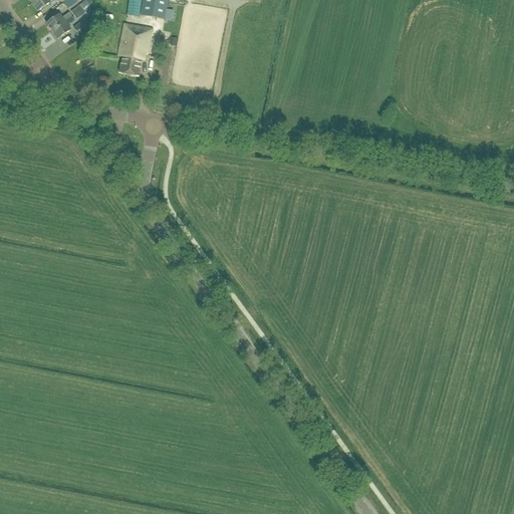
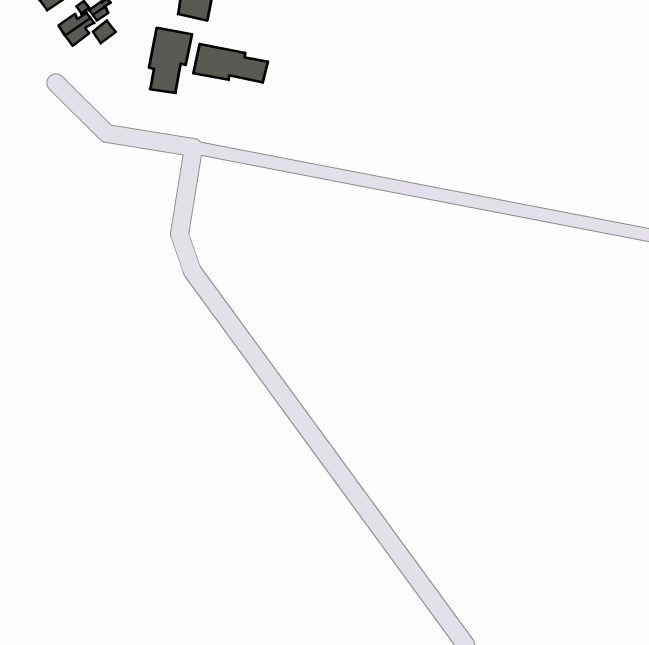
building: none -> [193,44,268,83]

